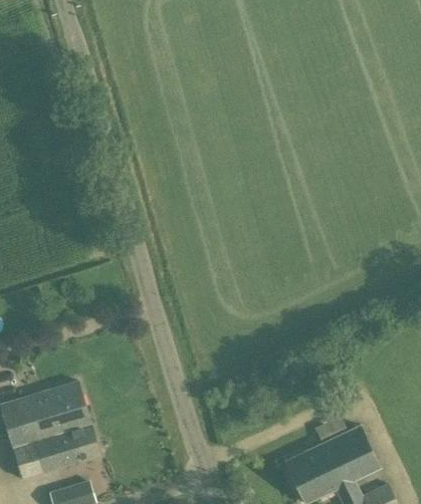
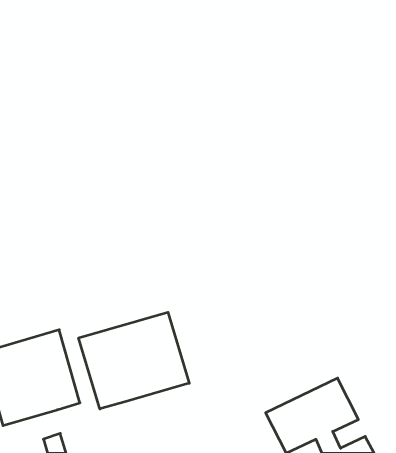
building: none -> [79,312,189,409]

